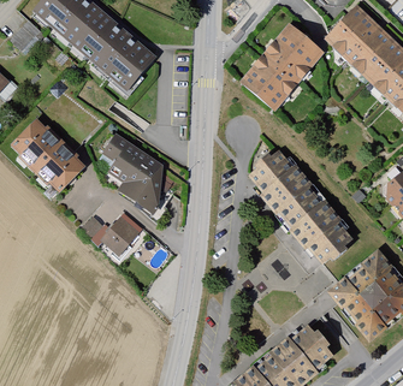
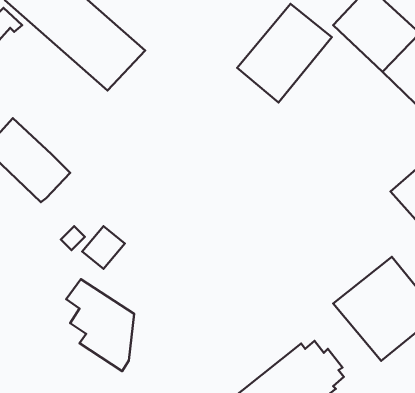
building: [103,138,165,221] -> [66,279,134,371]
building: [247,149,354,265] -> none

